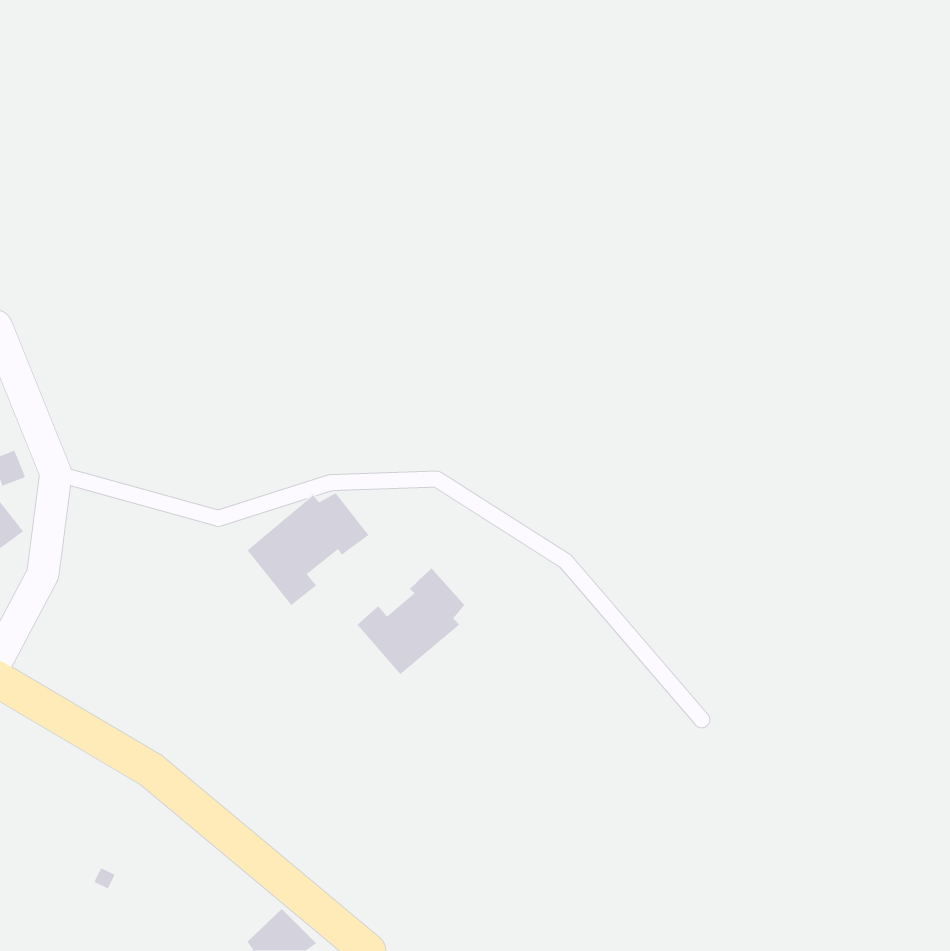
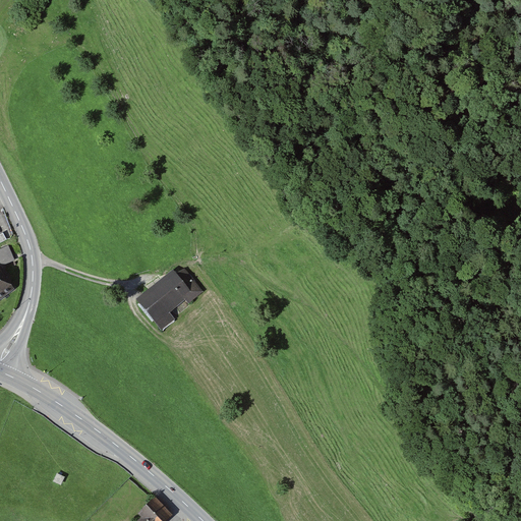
building: [356,567,465,675] -> none

